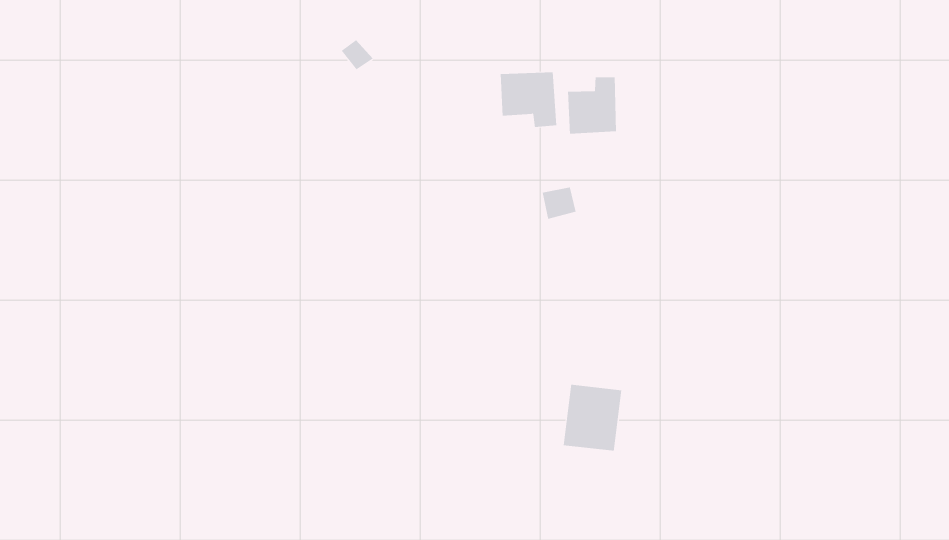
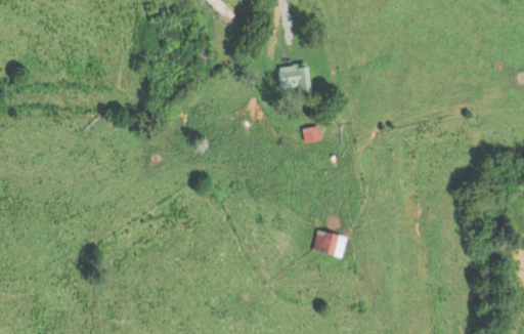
building: [568,77,617,135] -> none

